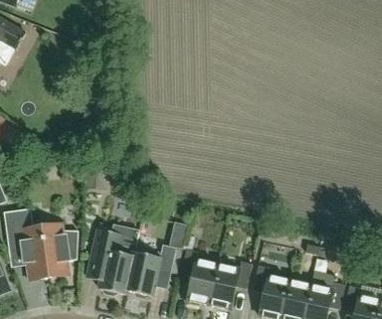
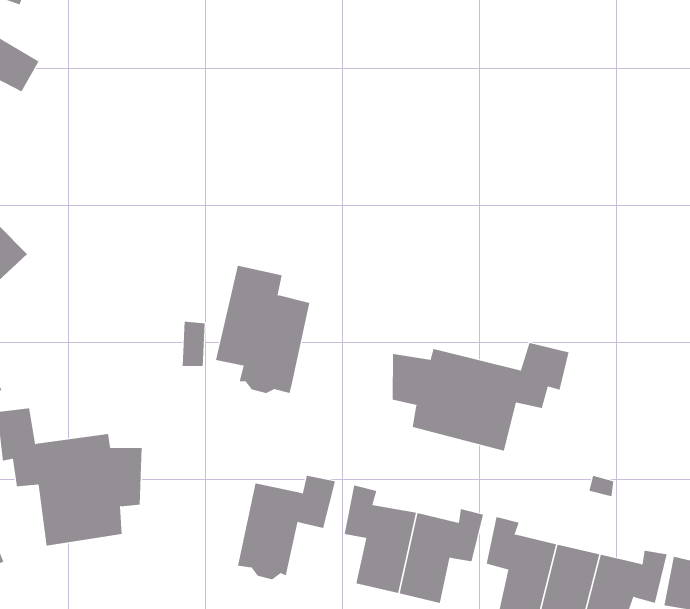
building: none -> [392,342,569,451]
building: [86,228,135,294] -> [215,265,310,394]

